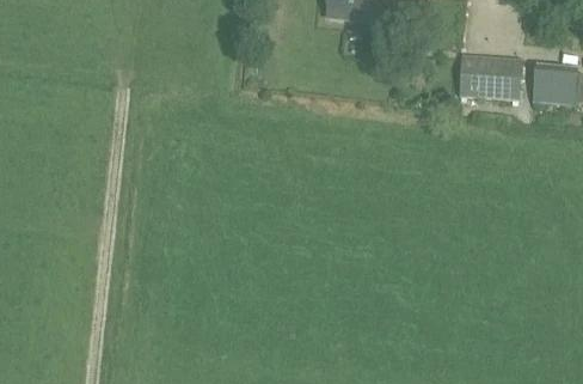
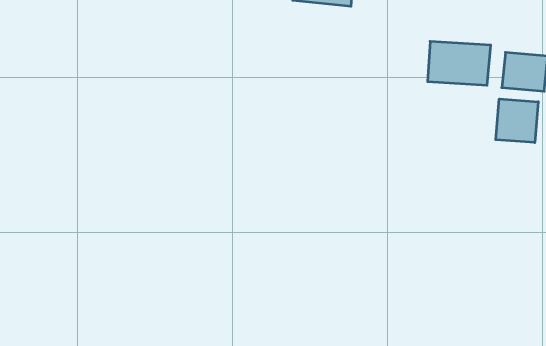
building: none -> [496,99,538,143]

